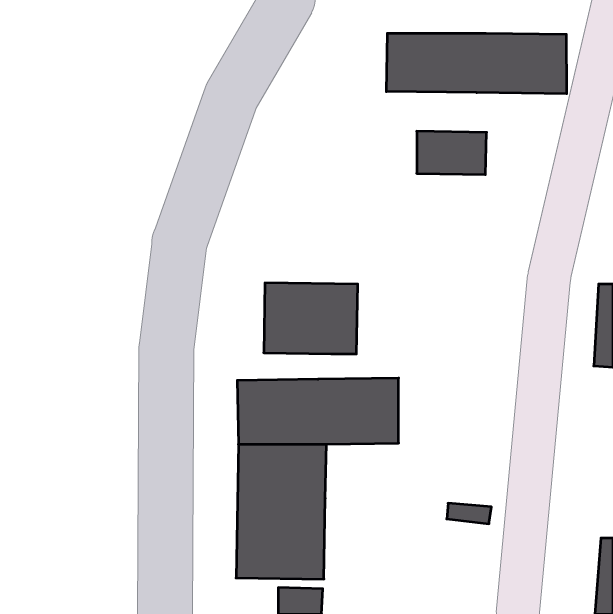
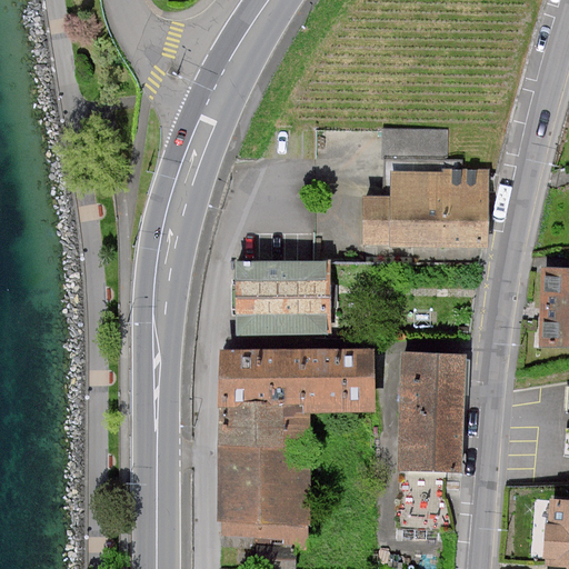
building: [386,33,567,94] -> none
building: none -> [363,171,483,243]
building: none -> [405,350,465,465]

